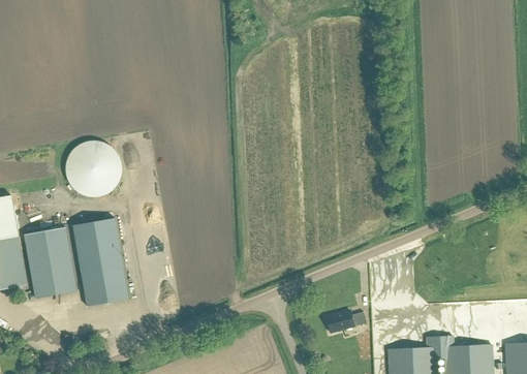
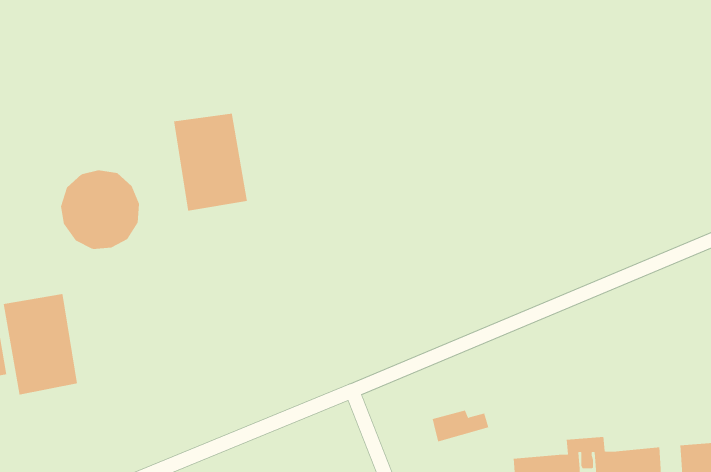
building: none -> [173,113,247,211]
building: [74,220,131,308] -> none

